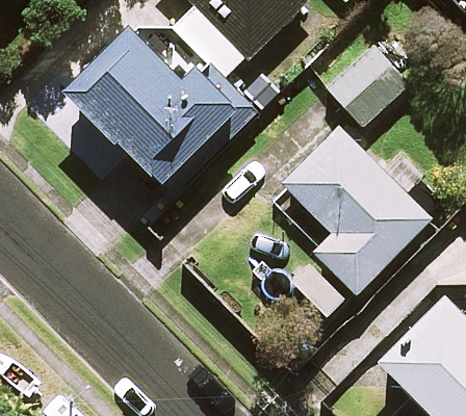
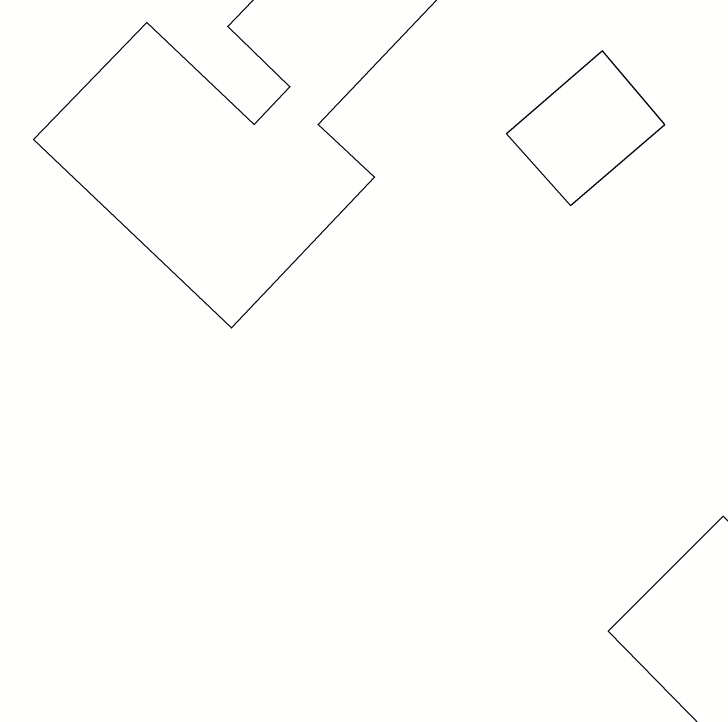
building: [283,126,430,291] -> none

